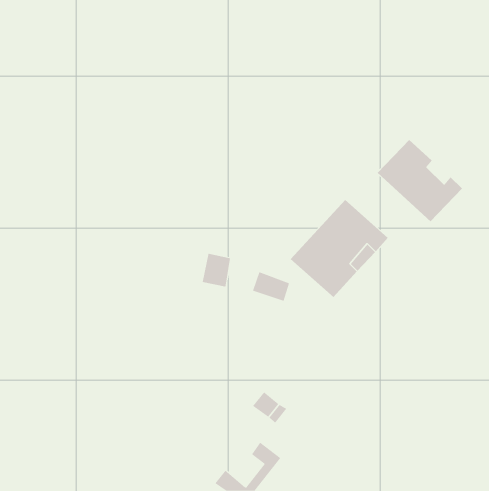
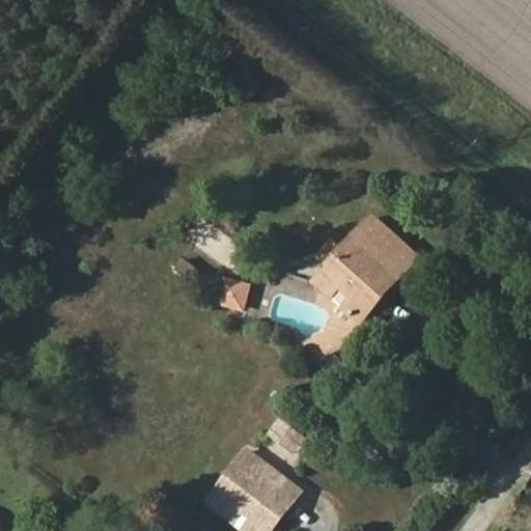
building: [377,139,463,222] -> none
building: none -> [211,451,283,523]

